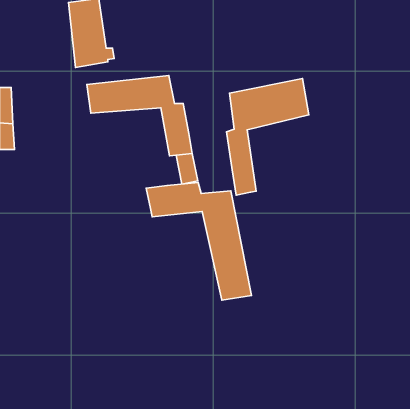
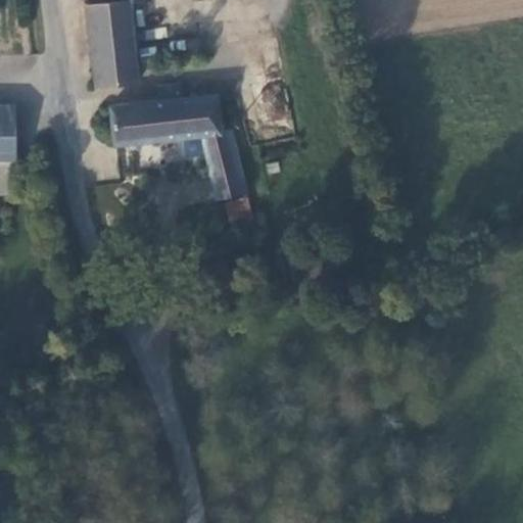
building: [227,79,309,195] -> none
building: [146,182,252,300] -> none

